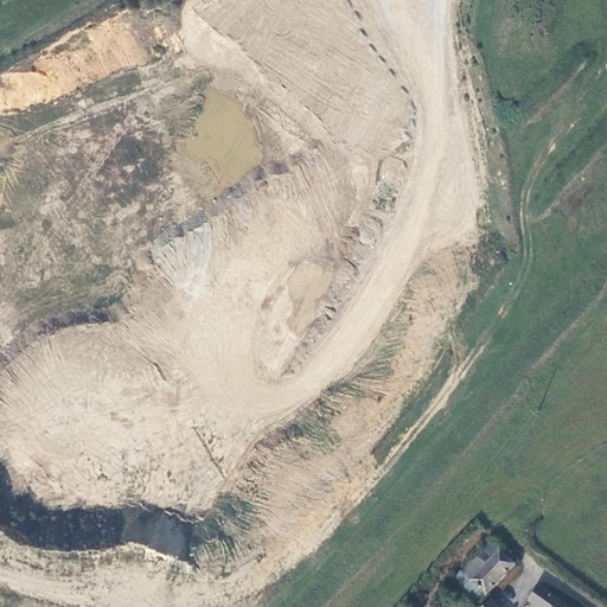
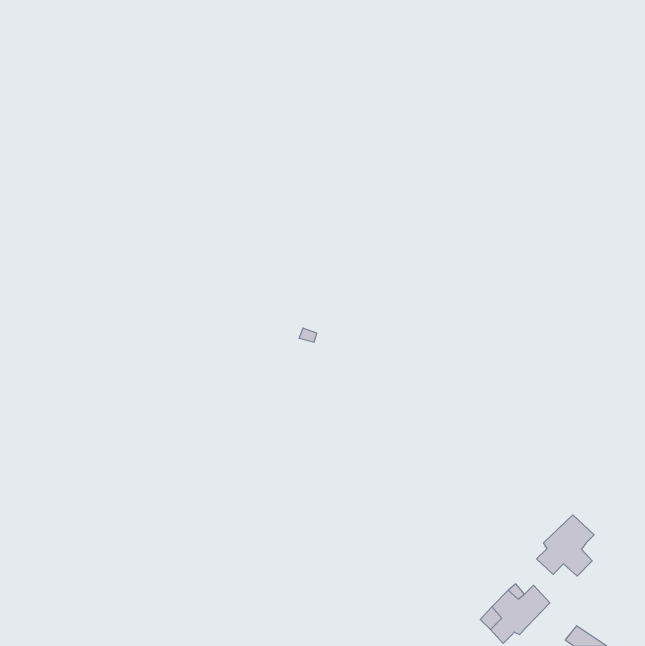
building: none -> [537,515,594,576]

